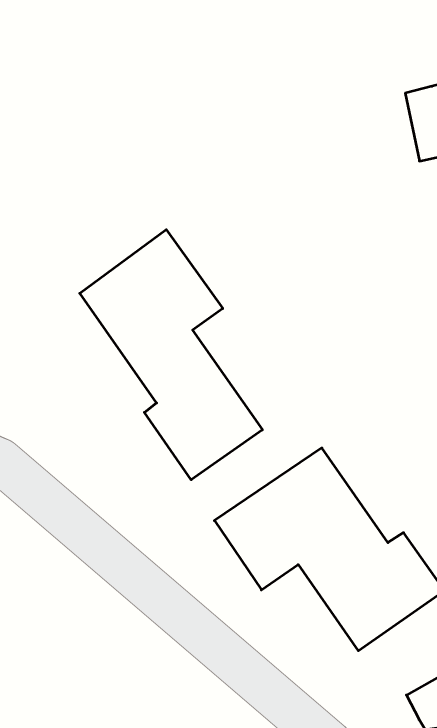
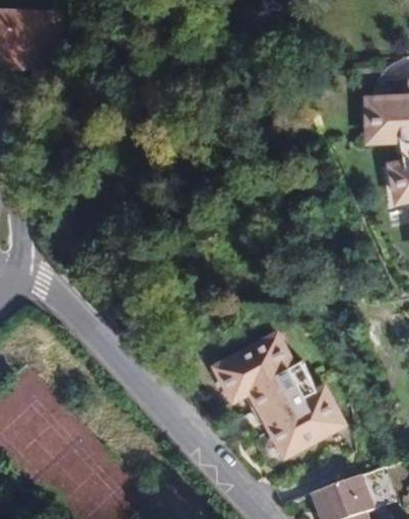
building: [80,230,262,480] -> none

